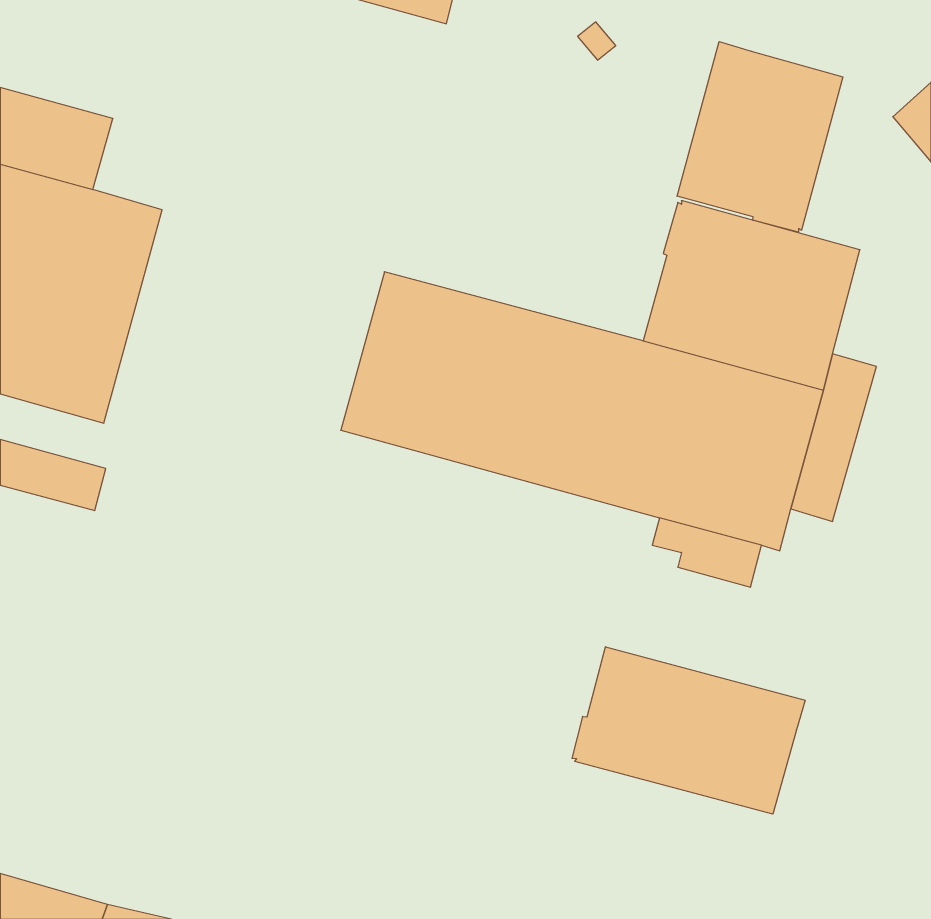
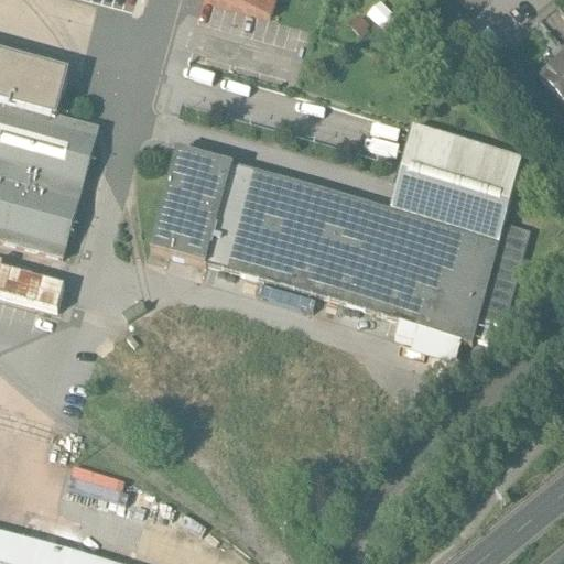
building: [677,42,843,232] -> none
building: none -> [151,147,232,262]
building: [572,647,805,814] -> none

